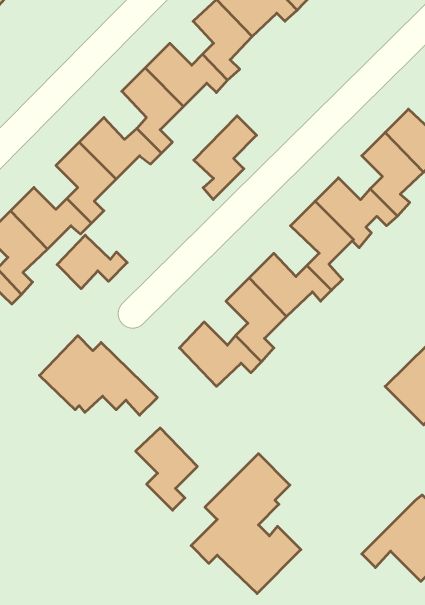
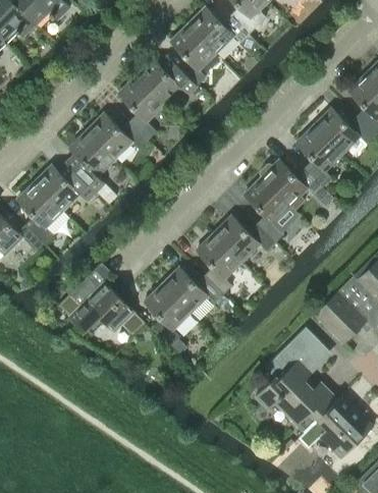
building: [194,116,257,200] -> none
building: [57,235,127,289] -> none
building: [136,428,197,510] -> [144,284,190,345]
building: [191,454,301,594] -> [256,326,337,430]

